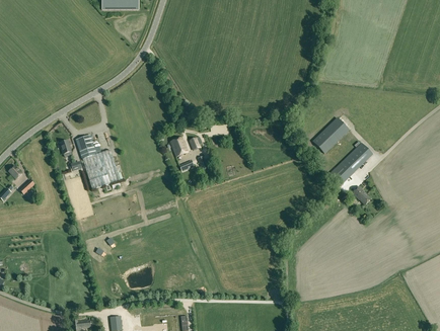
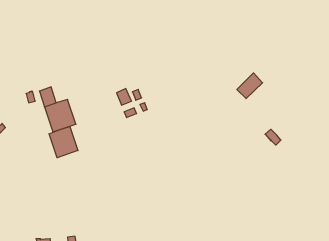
building: [329,143,372,185] -> none
building: none -> [49,127,78,158]

